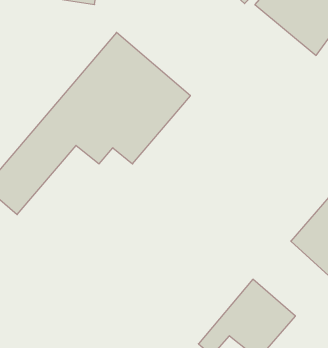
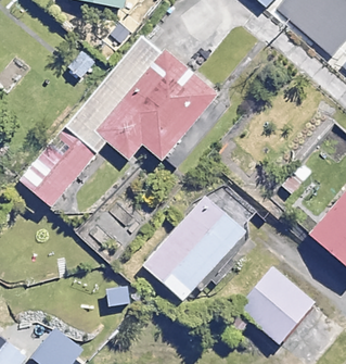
building: none -> [142,180,259,299]

